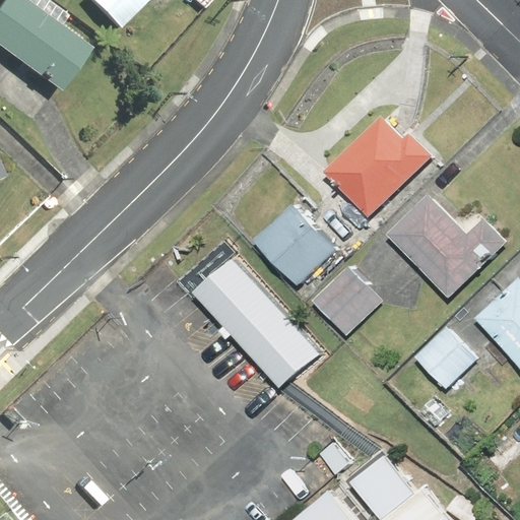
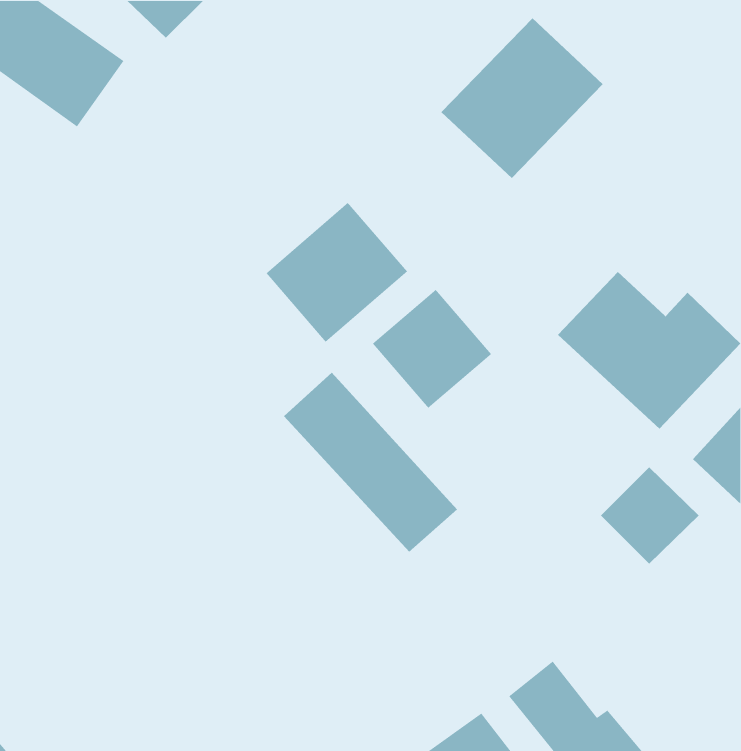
building: [324,107,436,217] -> [441,18,604,179]
building: none -> [265,202,408,343]
building: [309,263,384,338] -> none

